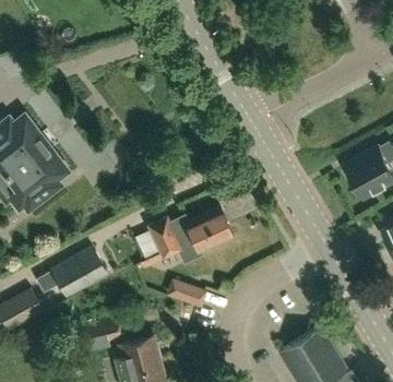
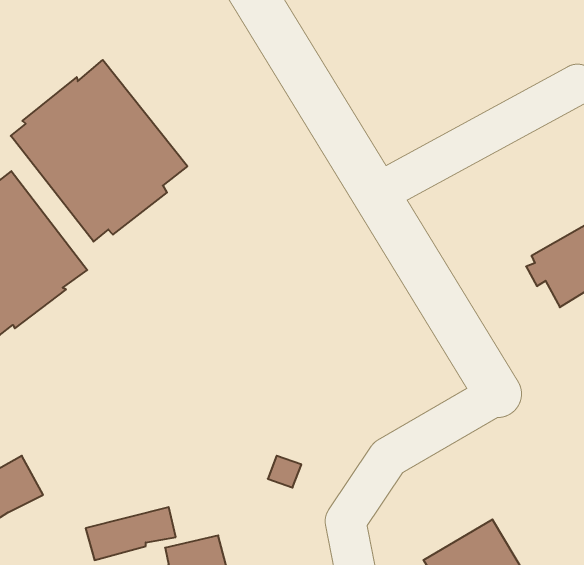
building: none -> [11,60,187,242]
building: [147,208,233,263] -> none
building: [36,247,107,297] -> none

